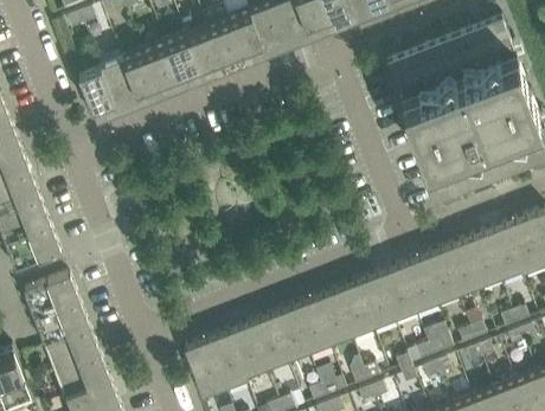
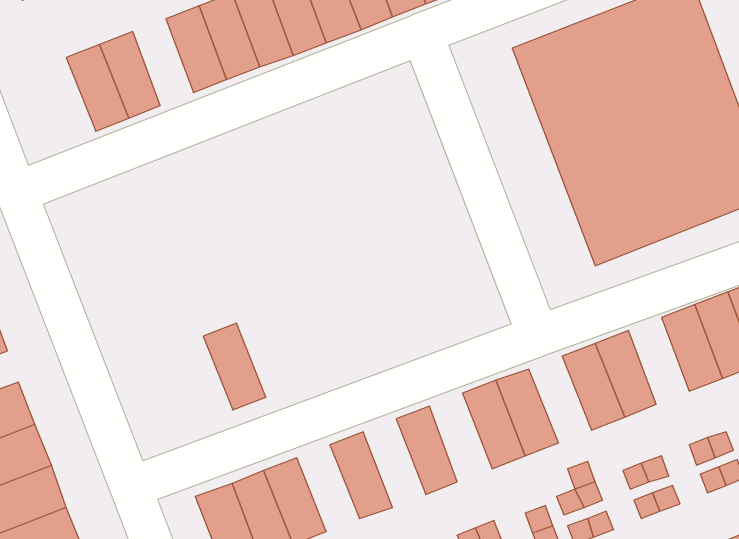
building: [142,41,181,97] -> none
building: [77,66,118,122] -> none
building: [461,233,500,289] -> none
building: [397,258,437,314] -> none
building: [333,282,373,339] -> none
building: [290,298,331,355] -> none
building: [248,315,288,371] -> [203,323,266,410]

